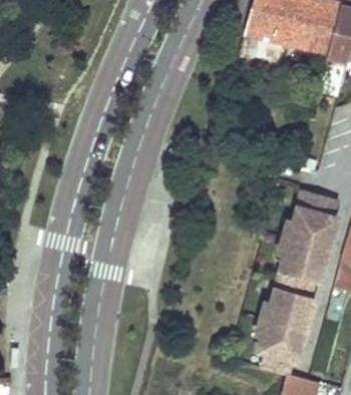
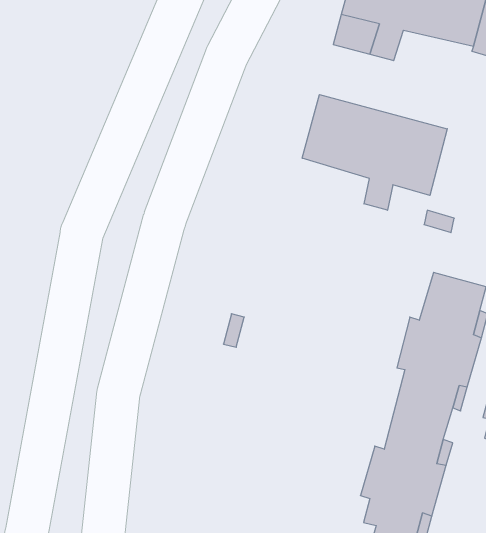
building: none -> [302,95,447,210]

